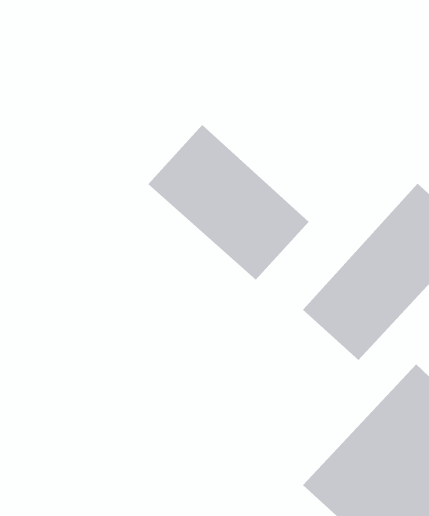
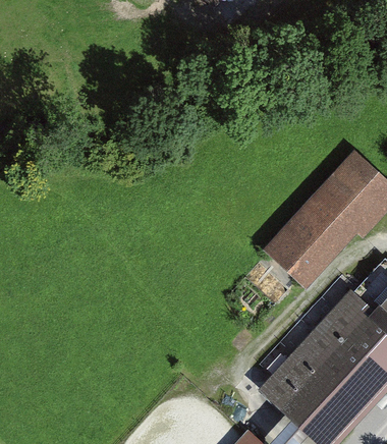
building: [147,124,309,281] -> none

